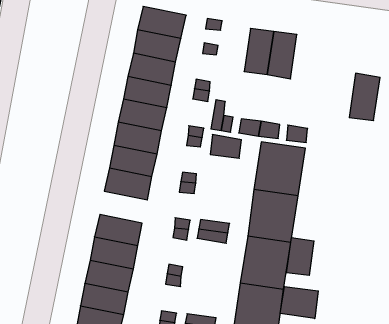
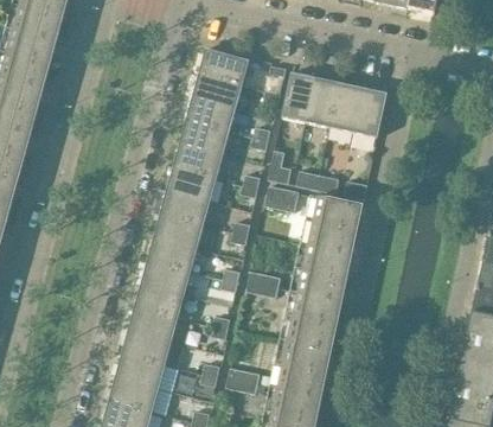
building: none -> [281,72,314,122]
building: [349,73,380,121] -> [352,88,386,138]
building: none -> [147,236,197,272]
building: [286,238,314,275] -> none
building: [280,286,318,319] -> none

